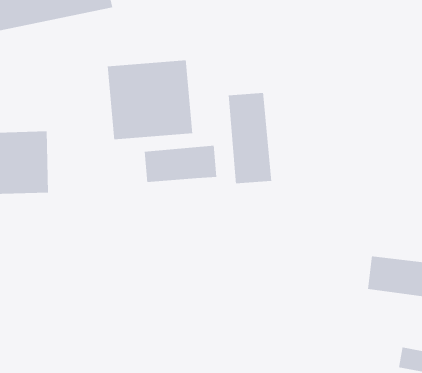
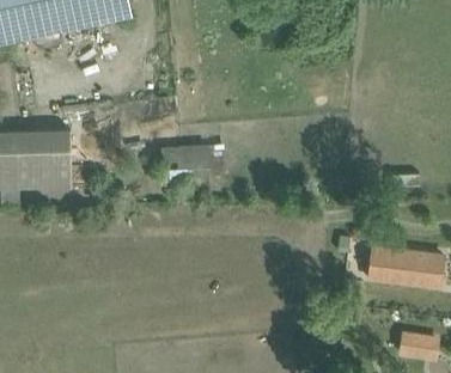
building: [107,59,193,140] -> none
building: [228,92,272,184] -> none

